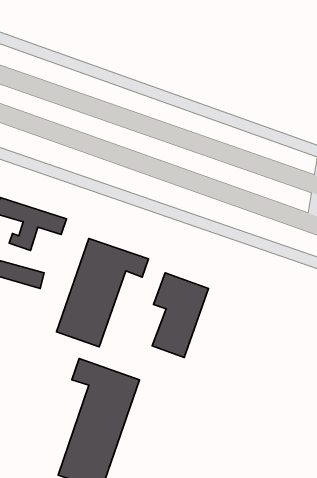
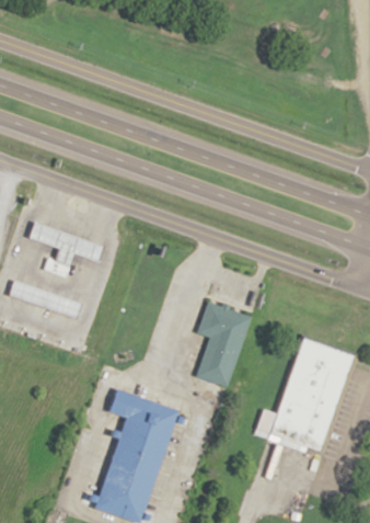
building: [56,239,148,347] -> none
building: none -> [255,337,354,454]

